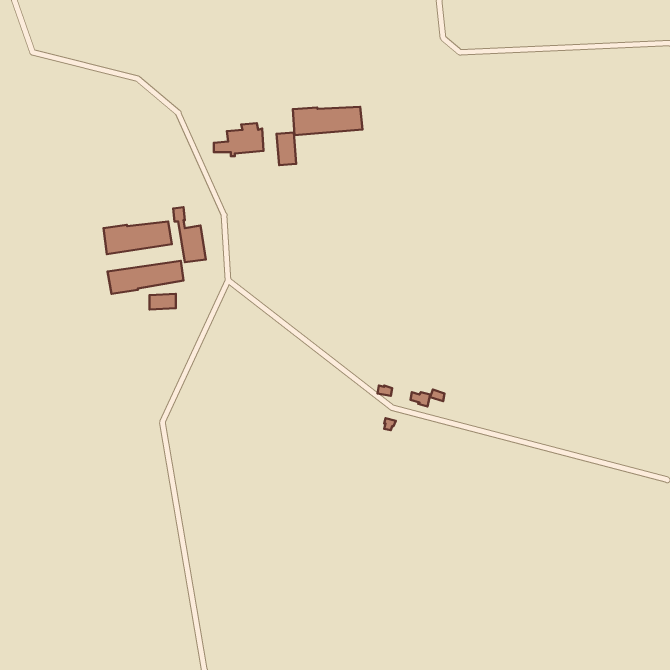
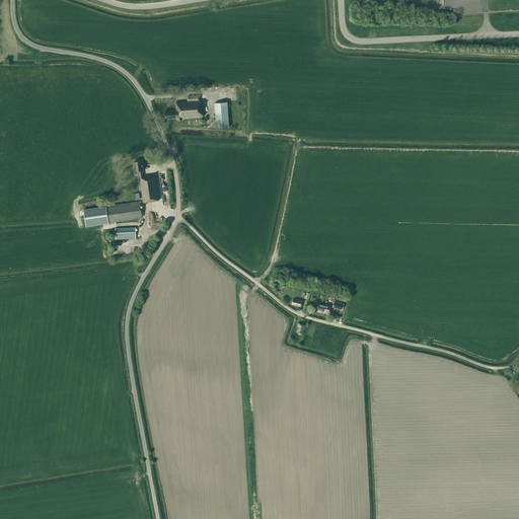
building: [293,107,362,135] -> none
building: [104,222,172,254] -> none

